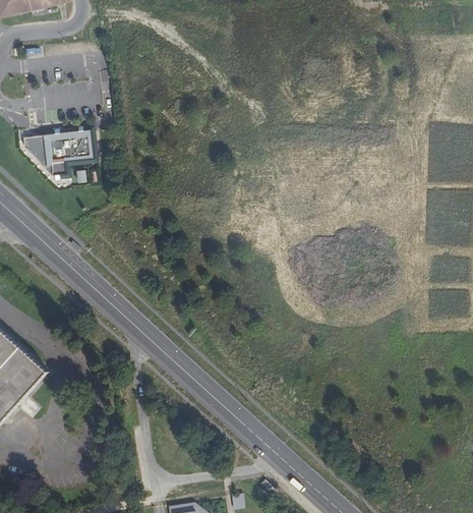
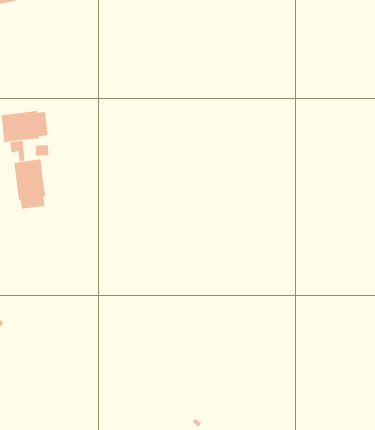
building: none -> [14,158,46,210]

